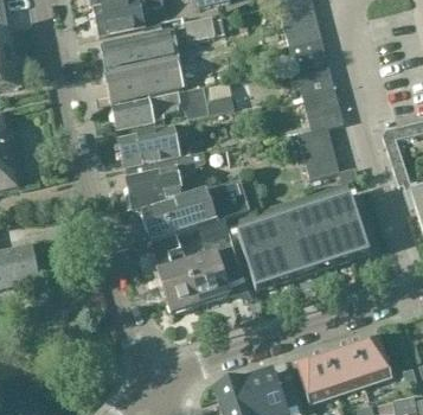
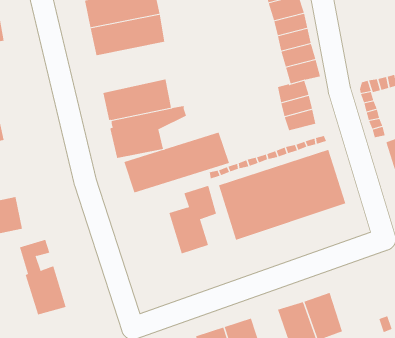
building: [113,79,233,127] -> none
building: [152,234,200,312] -> [19,239,66,315]
building: [353,333,393,383] -> none

